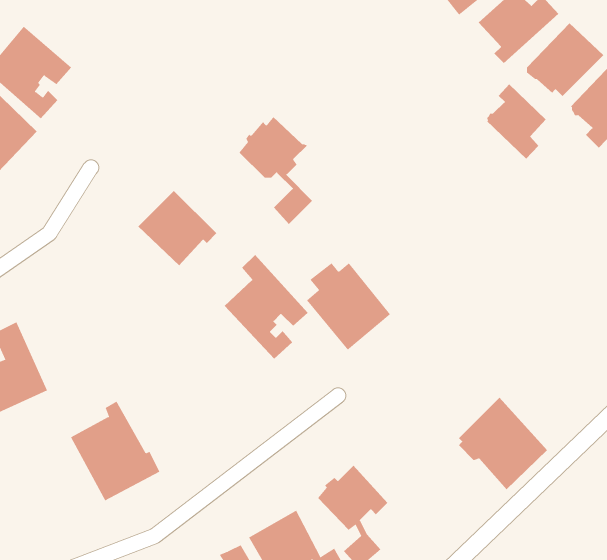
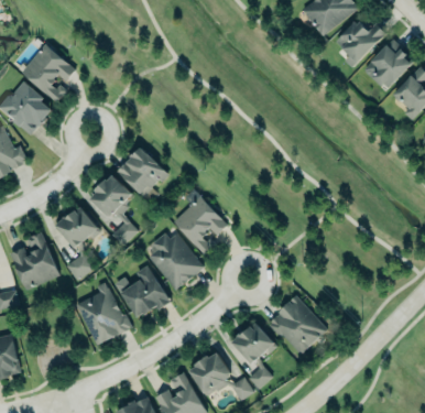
building: [486,84,547,160] -> none
building: [239,116,313,225] -> [90,176,138,246]
building: [306,262,391,351] -> [149,232,203,289]
building: none -> [57,208,100,281]
building: none -> [115,265,170,317]
building: [458,397,548,490] -> [270,295,327,355]

